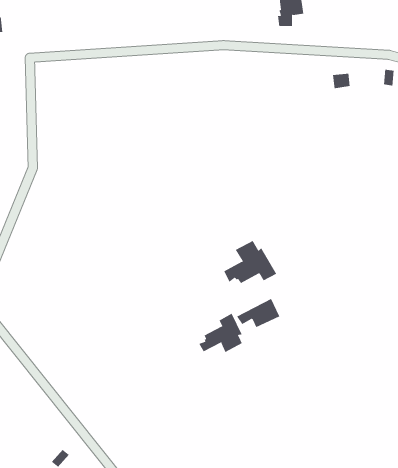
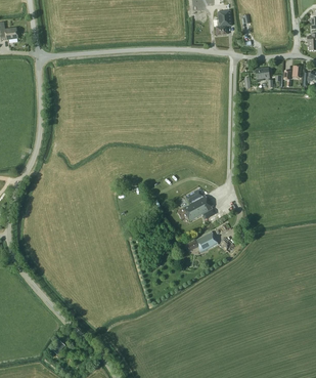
building: [199,313,243,353] -> none

